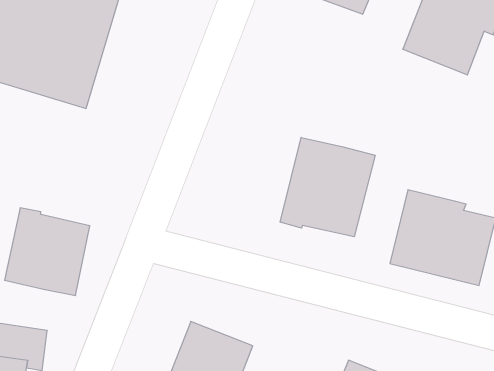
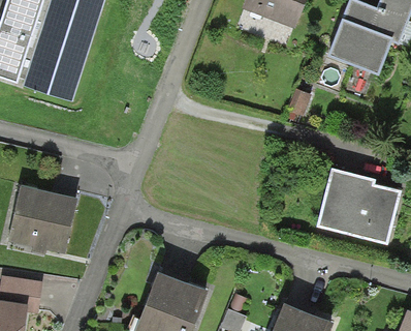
building: [280,137,375,237] -> none

